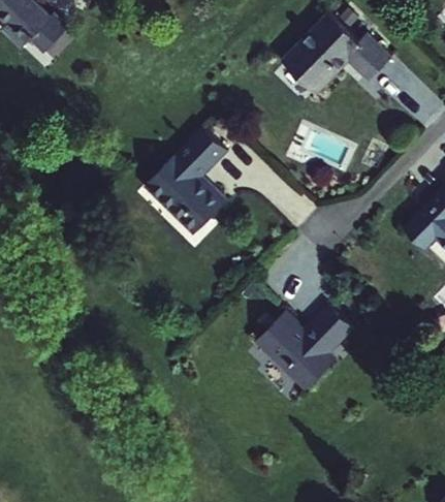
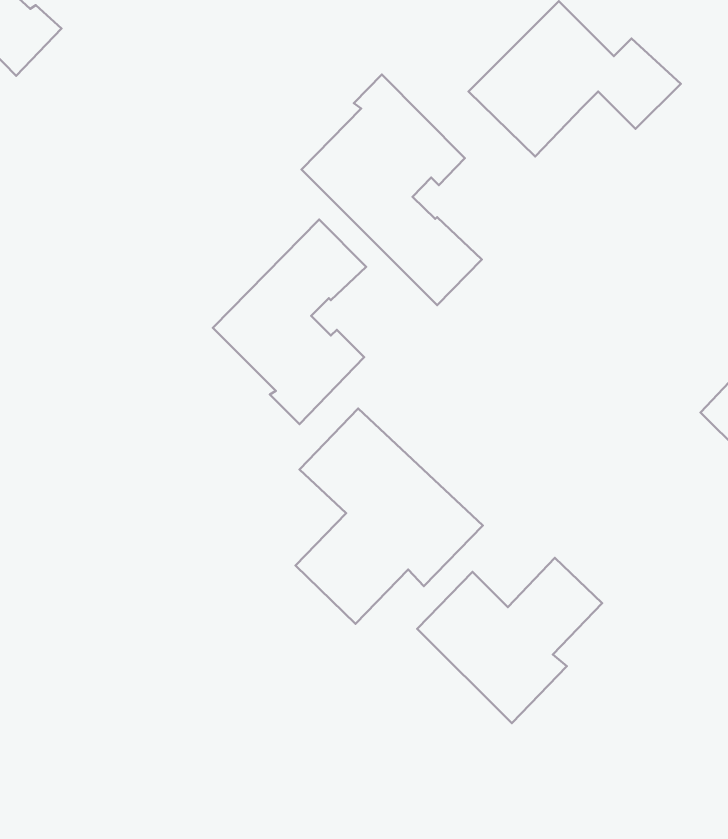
building: none -> [301,74,482,305]
building: none -> [296,409,483,624]

